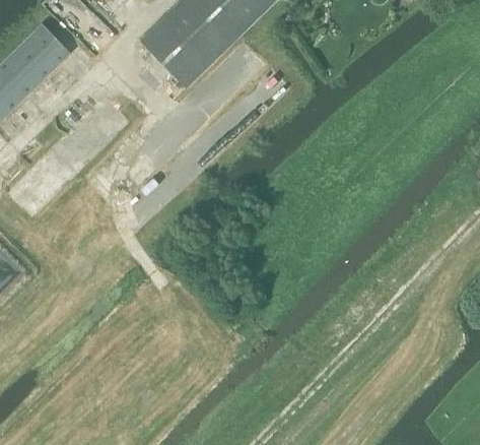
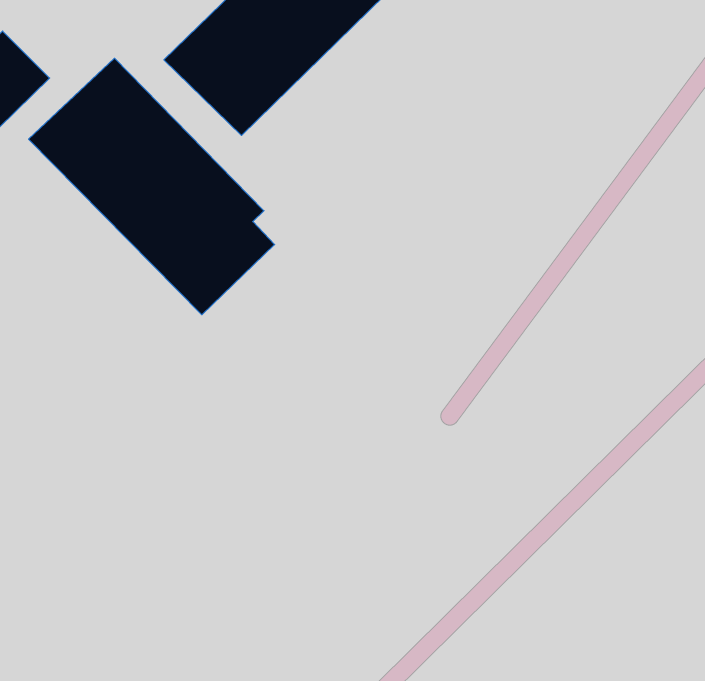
building: none -> [29,58,275,315]

